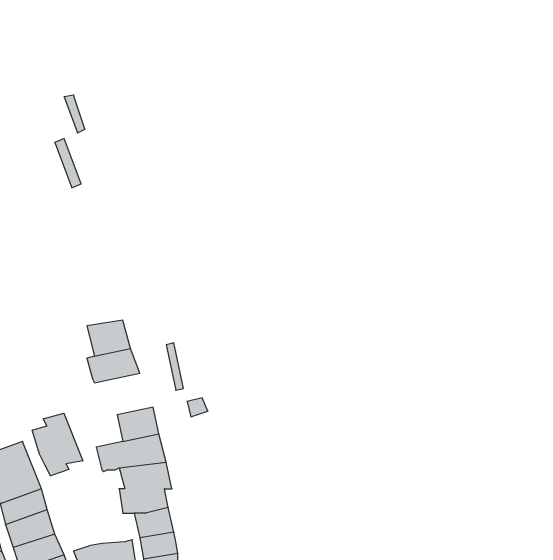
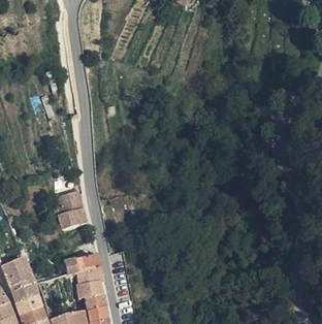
building: [32,413,83,476] -> none

